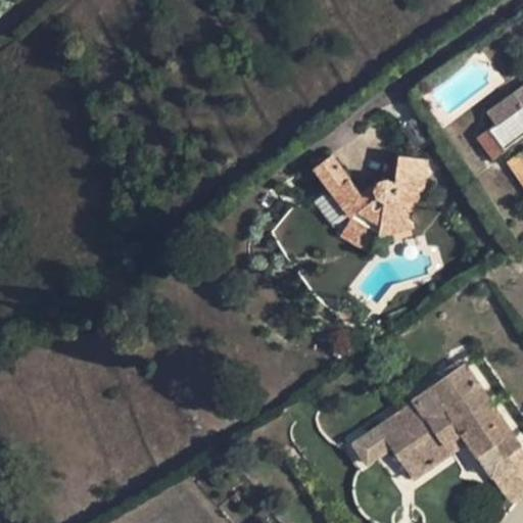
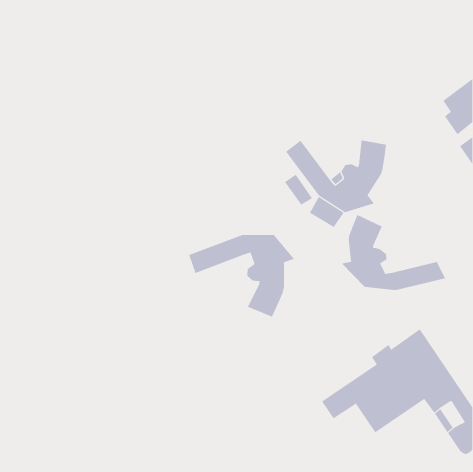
building: none -> [341,214,446,291]
building: none -> [188,234,295,318]

